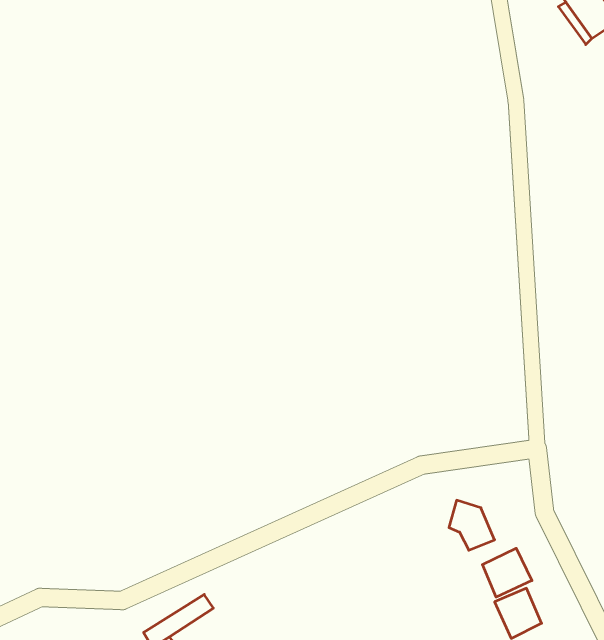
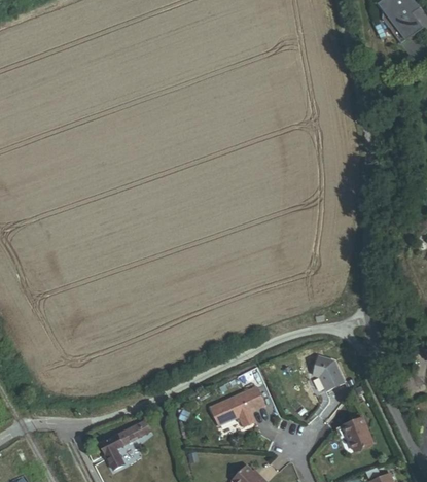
building: none -> [209,386,261,426]
building: [482,548,532,597] -> none

